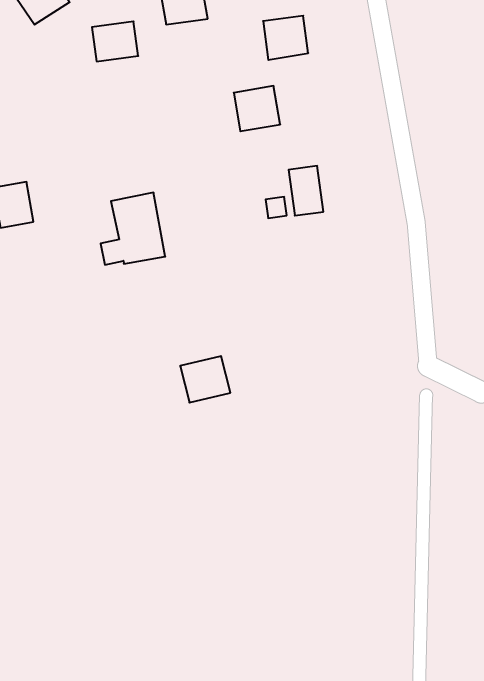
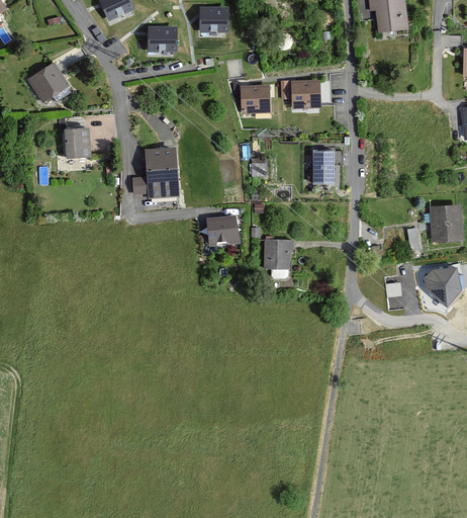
building: [263,16,308,60] -> [291,81,319,108]
building: [289,166,323,216] -> [312,151,333,183]
building: none -> [264,241,292,269]
building: [180,356,230,403] -> [206,217,239,246]

